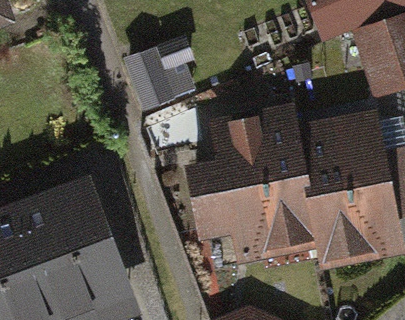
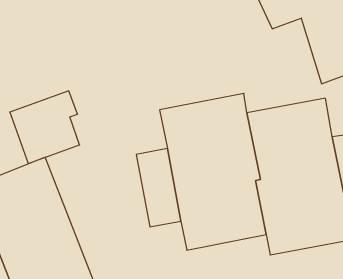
building: [122,31,194,106] -> [10,91,80,163]

